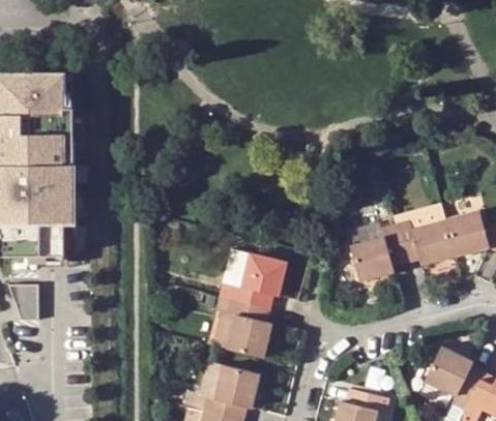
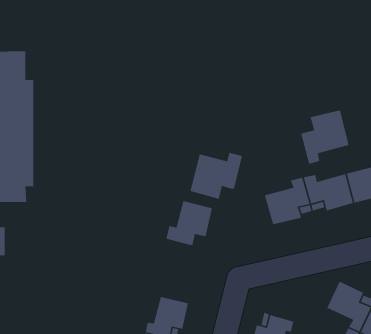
building: none -> [300,110,350,165]
building: none -> [190,152,243,200]
building: [222,297,271,357] -> none

